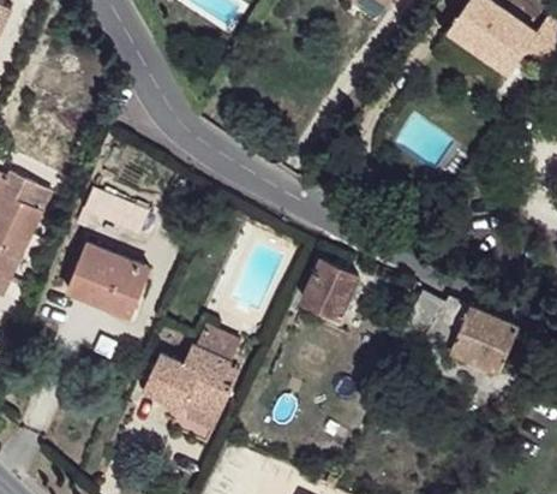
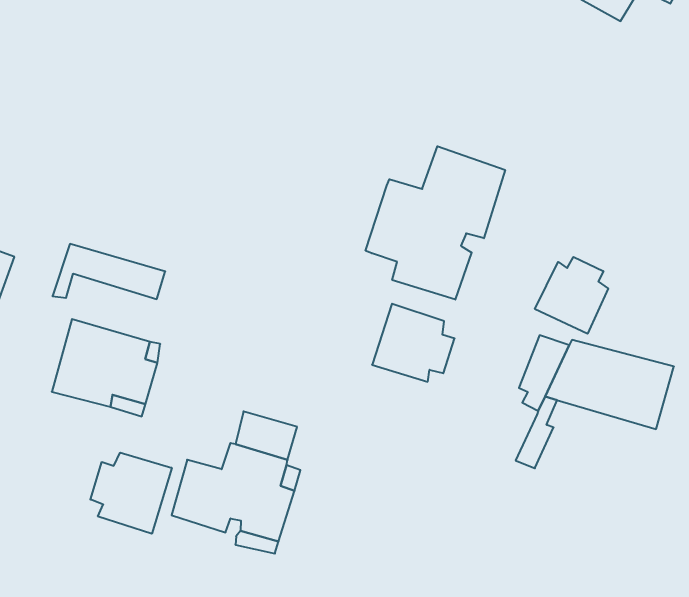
building: none -> [366,146,505,300]
building: none -> [535,257,608,334]
building: none -> [90,453,172,534]

